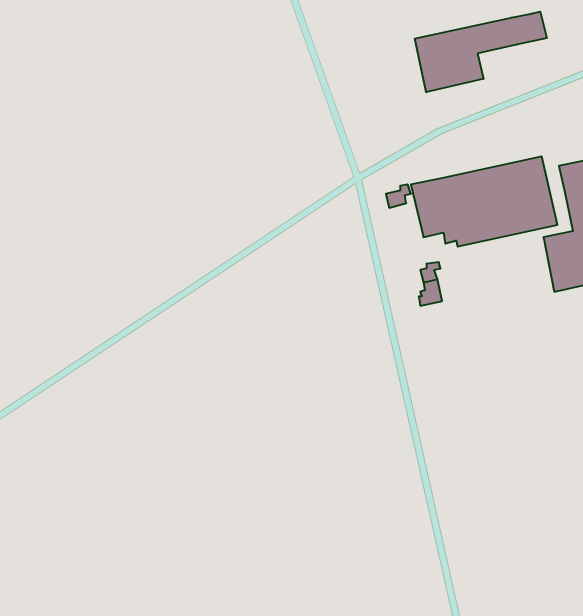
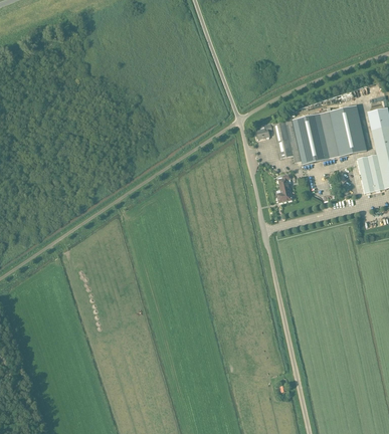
building: [415,12,547,92] -> none

